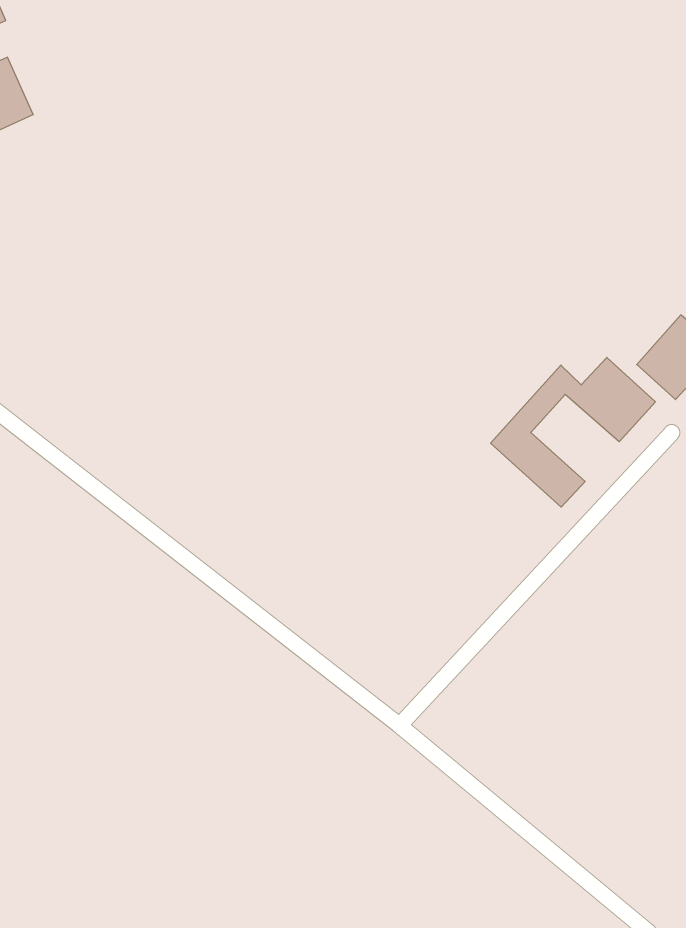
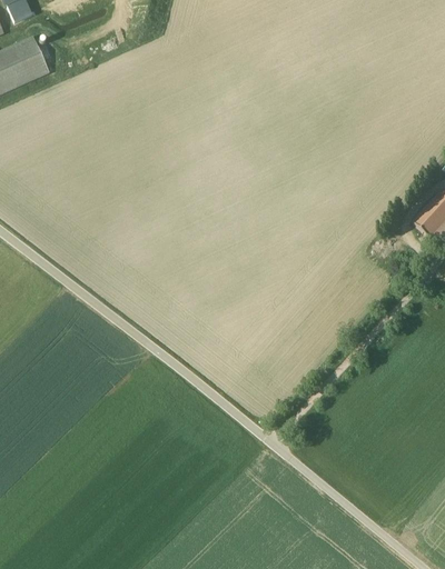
building: [491,357,655,507] -> none

